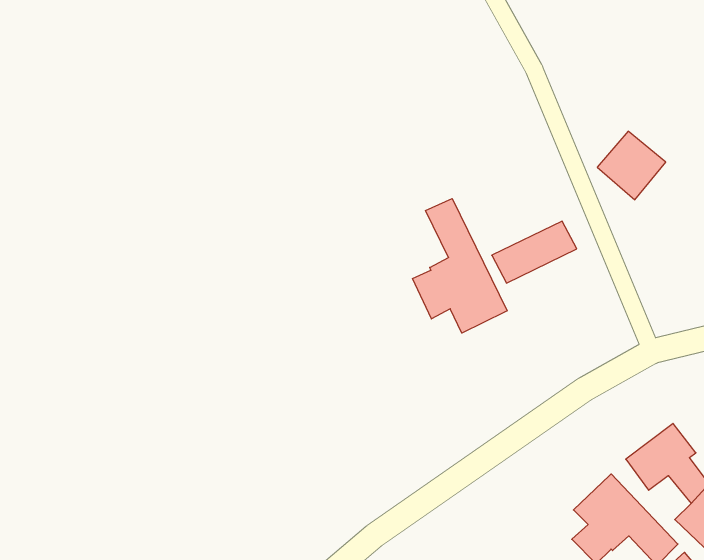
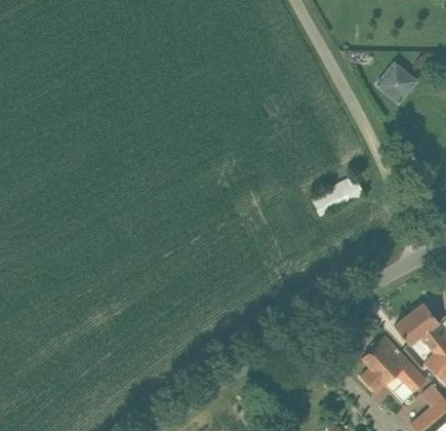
building: [597,131,666,200] -> [375,62,418,105]
building: [413,199,507,333] -> none

